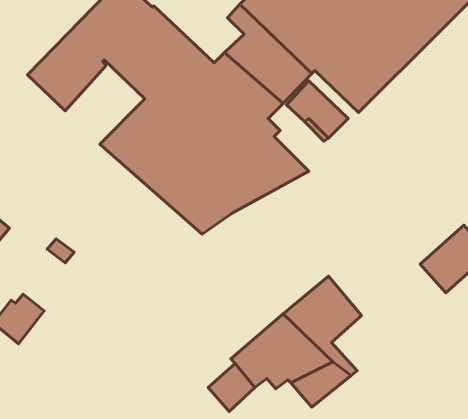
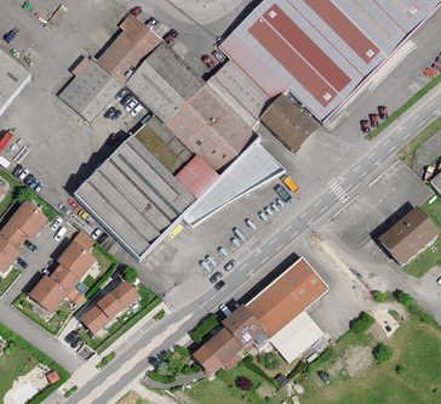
building: none -> [73,149,200,262]
building: none -> [56,241,94,284]
building: none -> [81,279,136,330]

